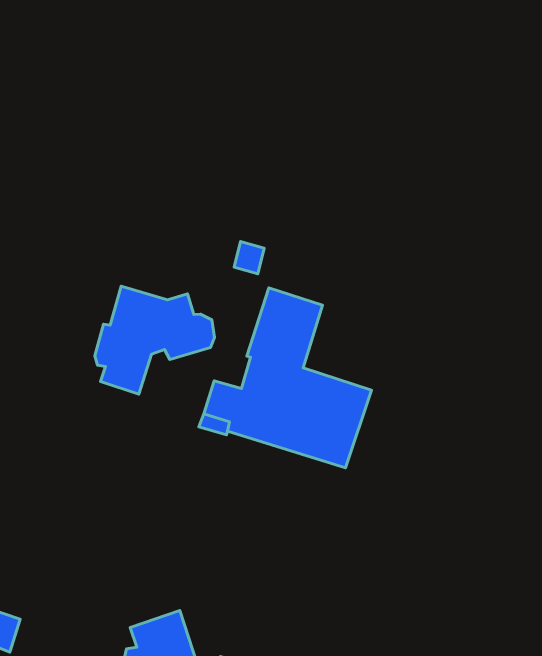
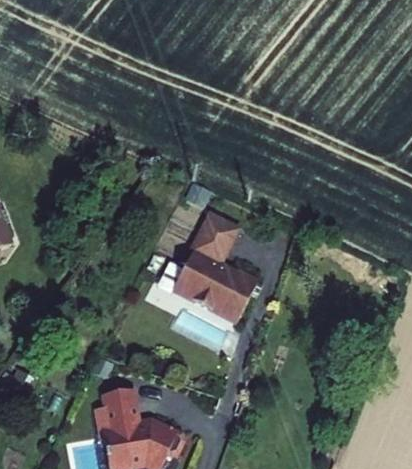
building: [95,286,215,394] -> none

